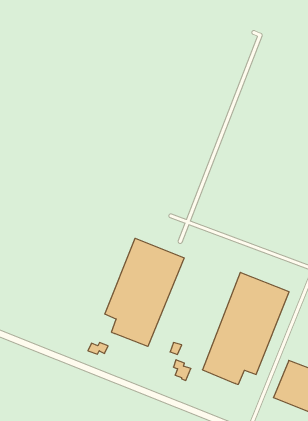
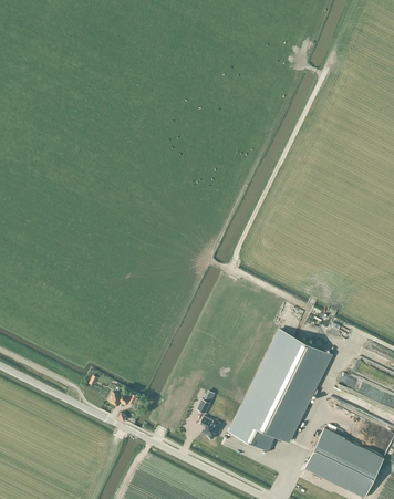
building: [105,238,184,346] -> none

